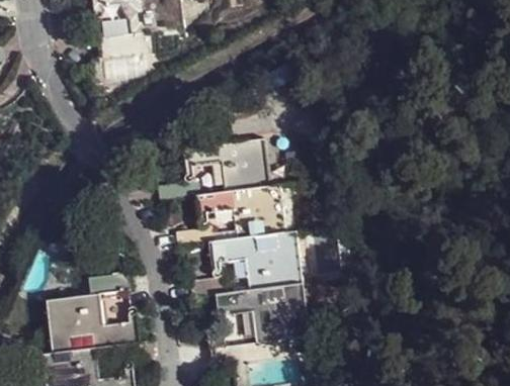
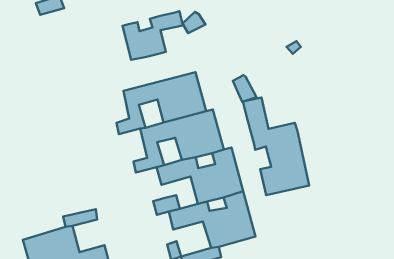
building: none -> [123,11,183,60]
building: none -> [243,97,309,195]

